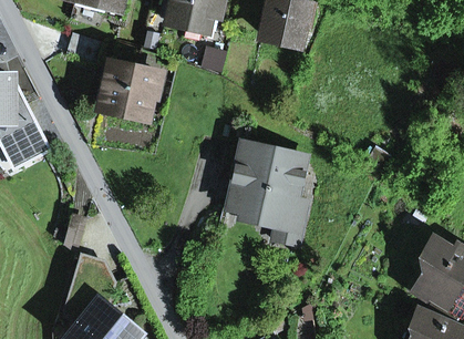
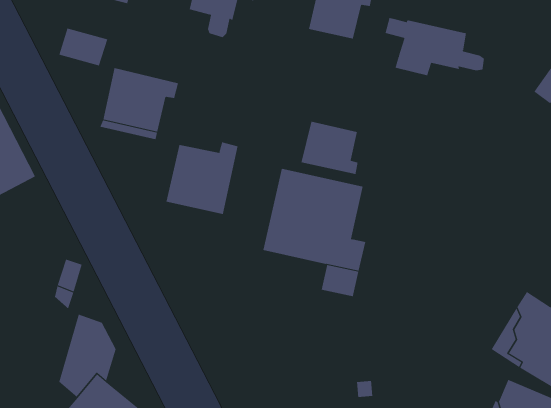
building: none -> [385,17,485,76]
building: none -> [301,121,358,175]
building: none -> [166,142,238,215]

